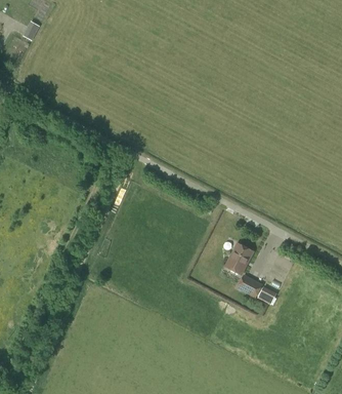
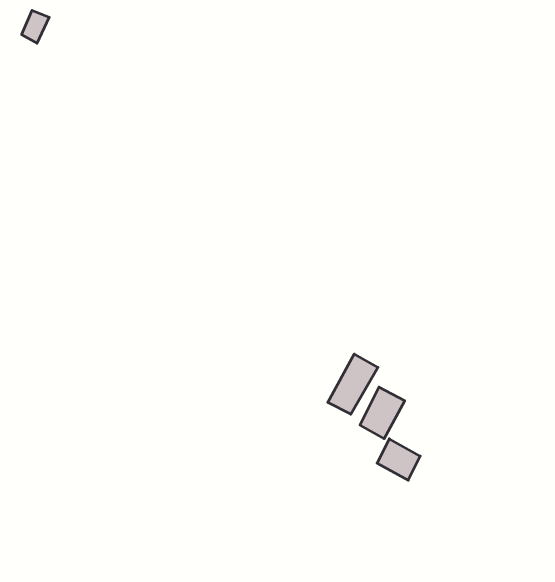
building: none -> [328,354,378,414]

